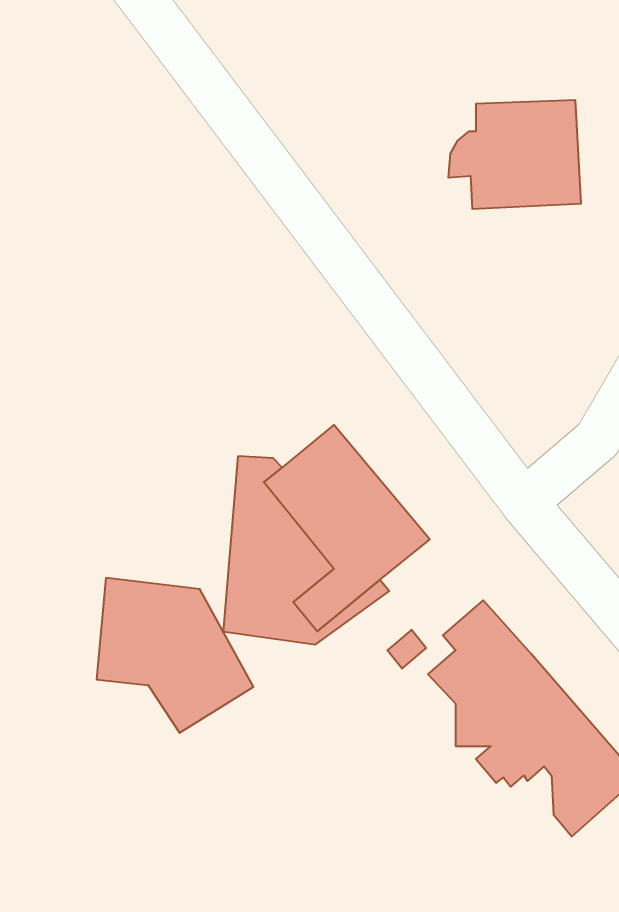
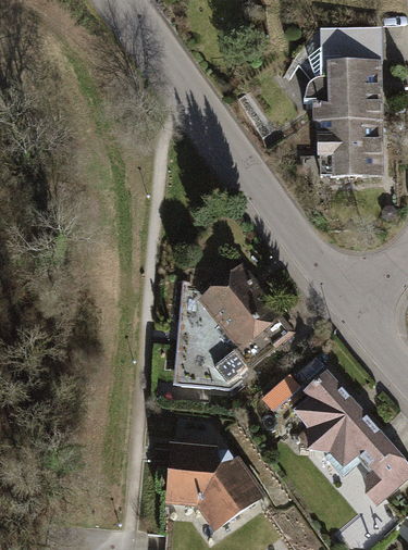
building: none -> [318,36,379,72]
building: none -> [318,130,384,191]
building: [97,578,253,733] -> [165,438,258,529]

